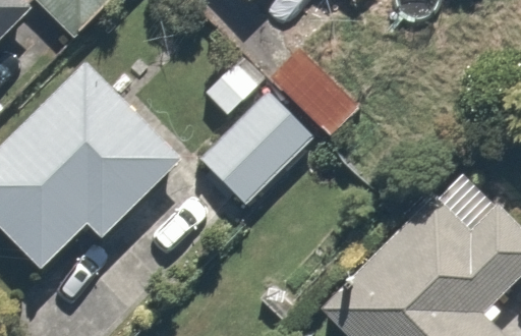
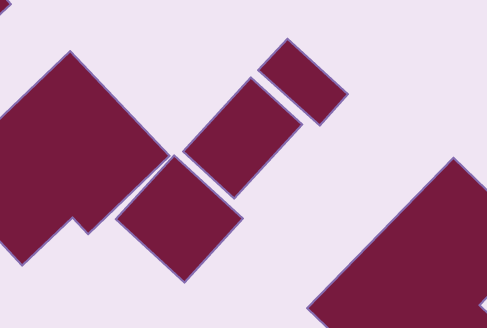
building: none -> [116,155,243,282]

